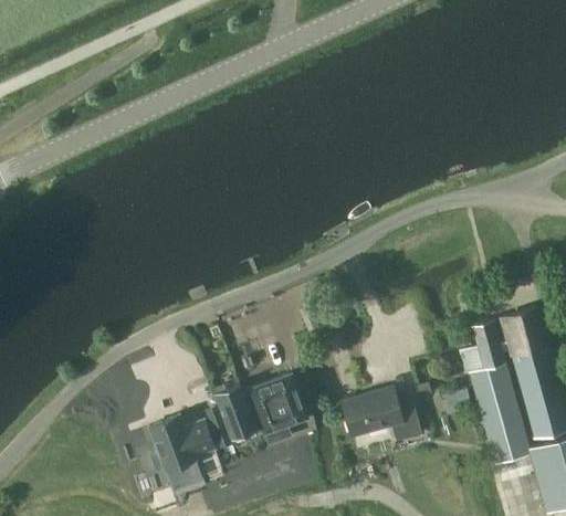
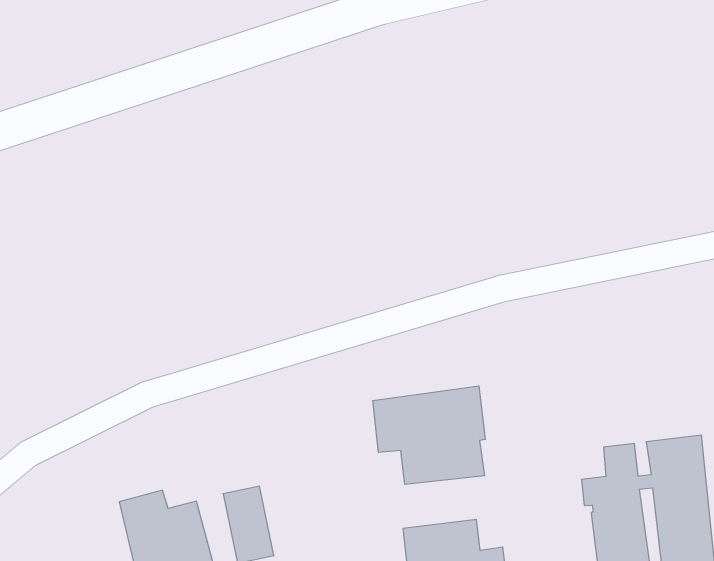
building: none -> [373,386,485,484]
building: [241,375,302,434] -> none

